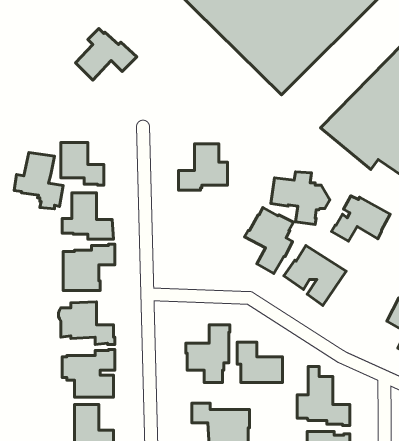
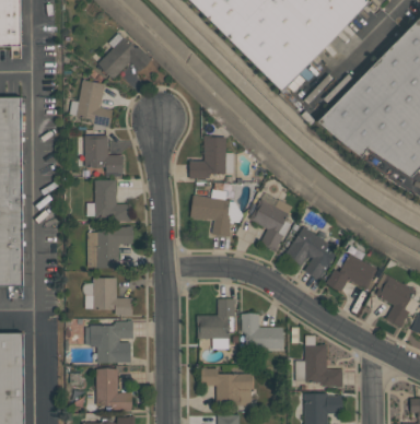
building: [14,152,63,209] -> [69,80,113,130]
building: [271,172,330,224] -> [190,189,243,236]
building: [331,196,390,241] -> [325,251,377,292]

